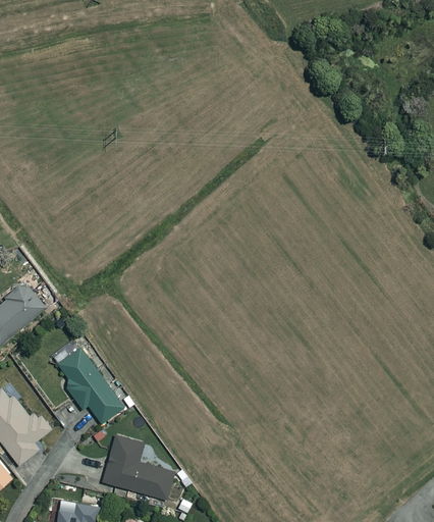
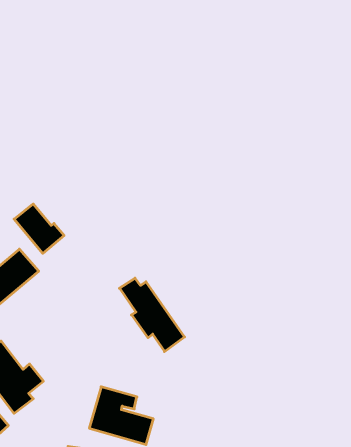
building: none -> [14,204,64,253]
building: [52,343,124,424] -> [119,278,185,352]

